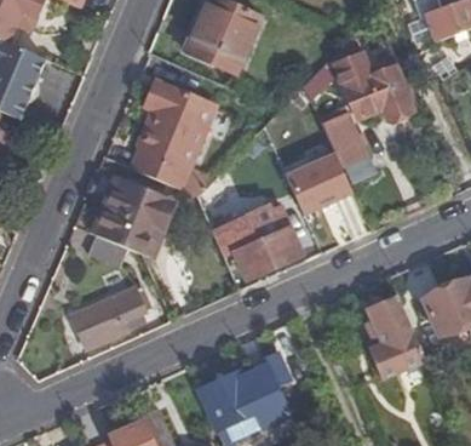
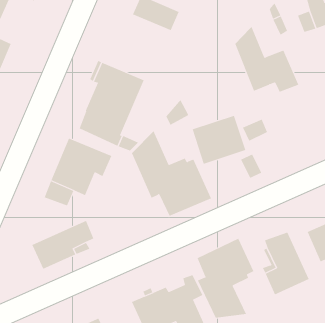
building: [189,21,251,73] -> none
building: [323,113,368,165] -> none
building: none -> [197,238,254,318]

